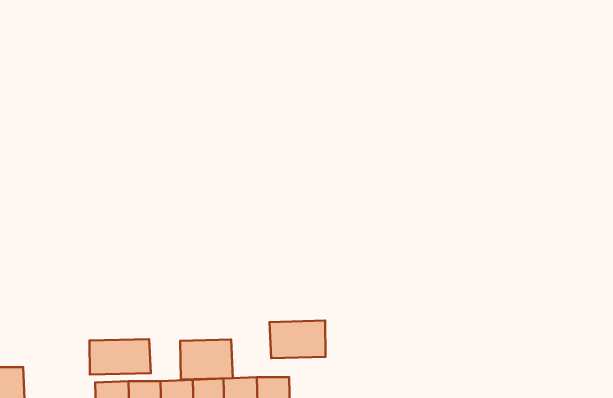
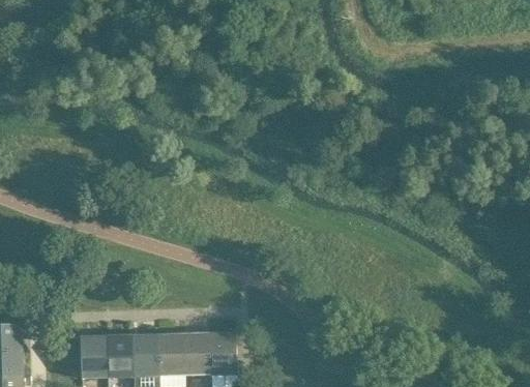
building: [269,321,326,358] -> none
building: [89,339,151,375] -> none
building: [180,340,233,380] -> none

